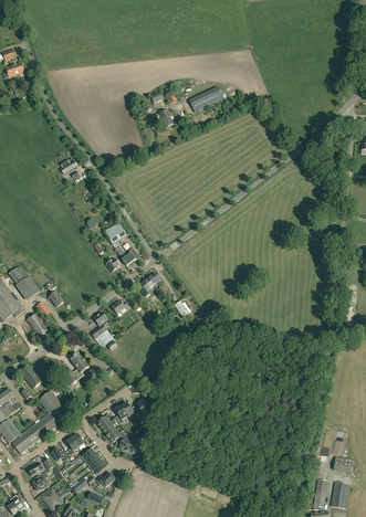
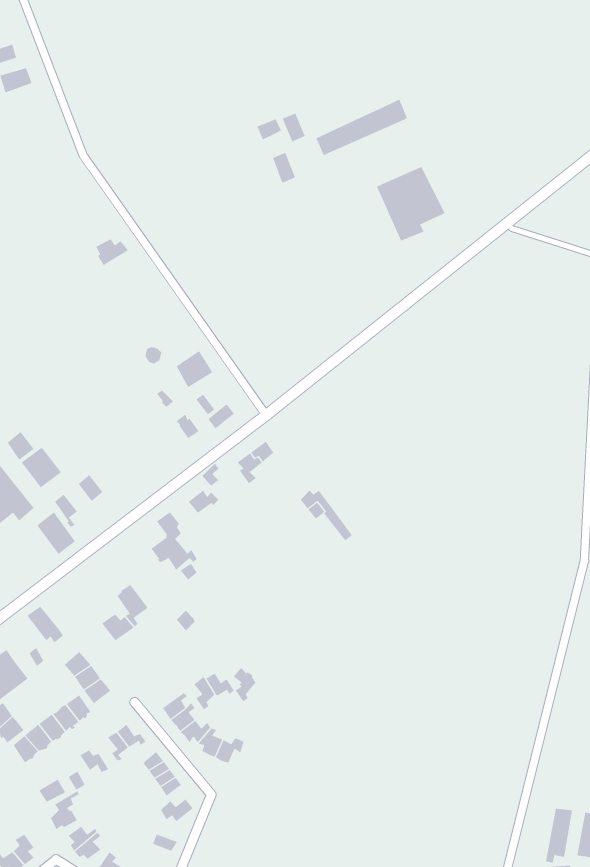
building: none -> [376,166,446,241]

